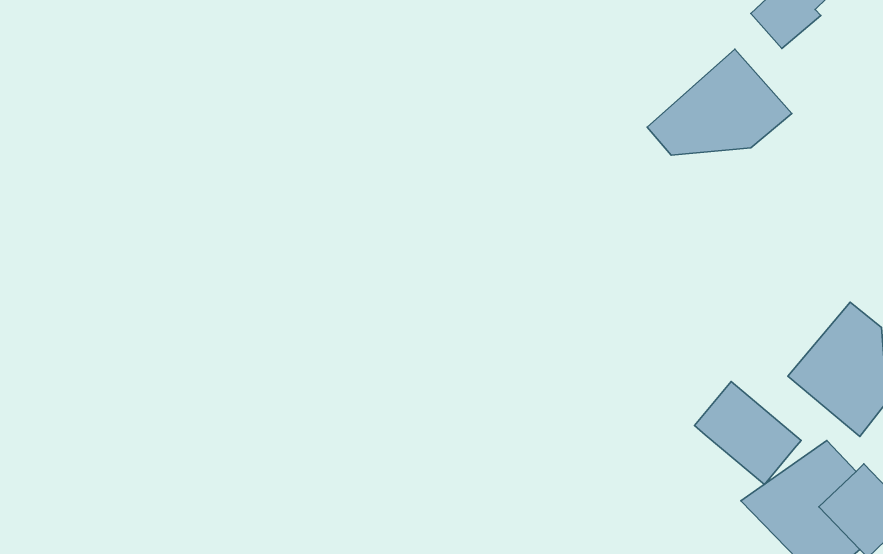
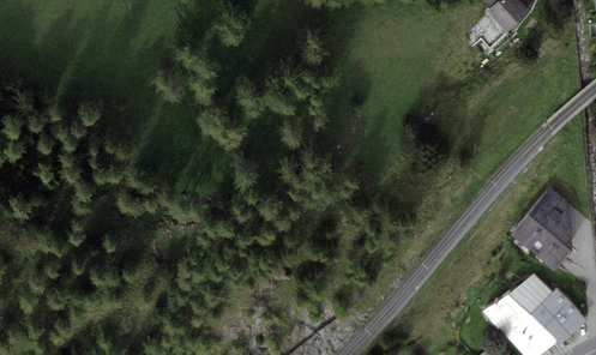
building: [647,49,792,155] -> none
building: [694,382,801,484] -> none

